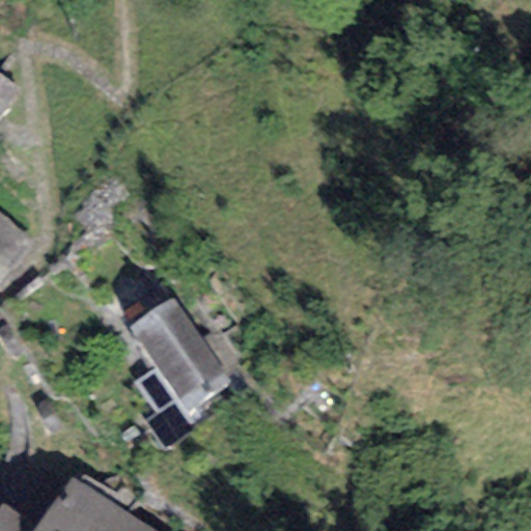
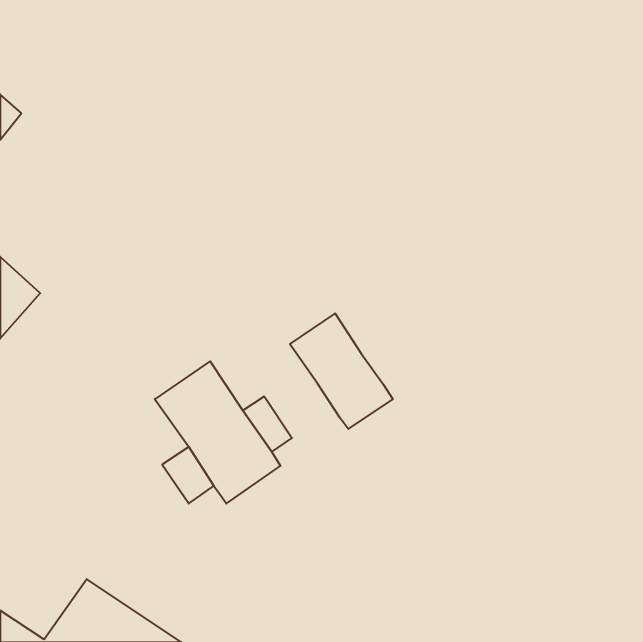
building: none -> [290,313,393,429]

